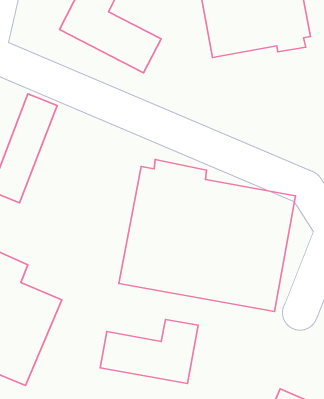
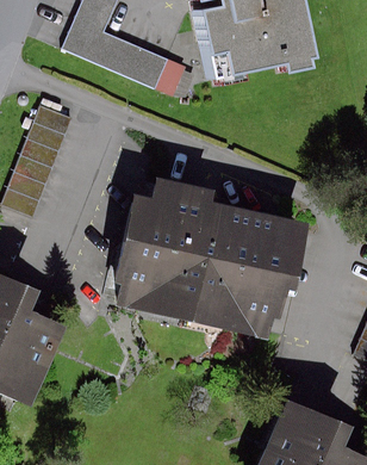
building: [100,319,198,384] -> none

